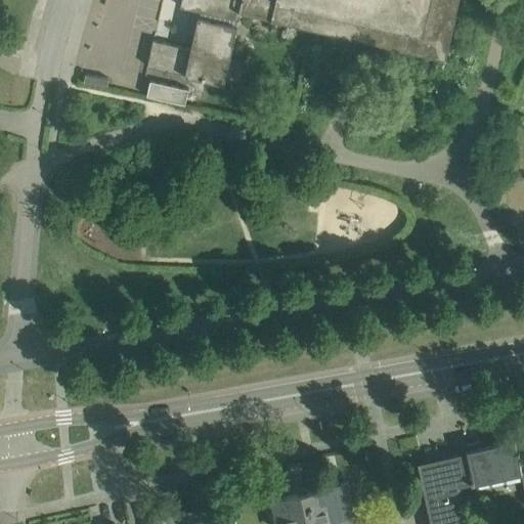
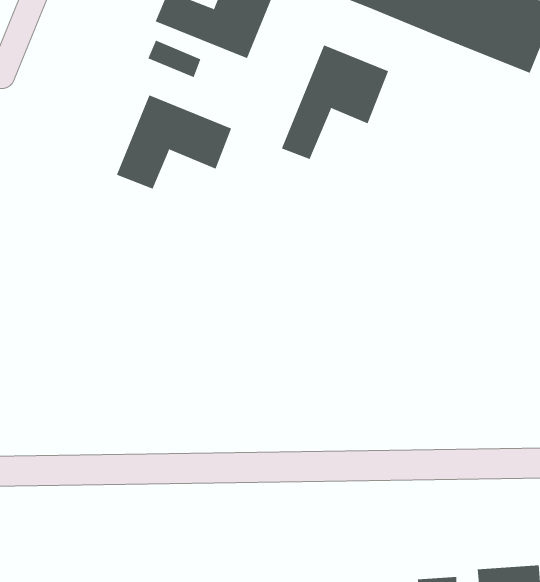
building: none -> [281,44,389,160]
building: none -> [116,95,232,190]

